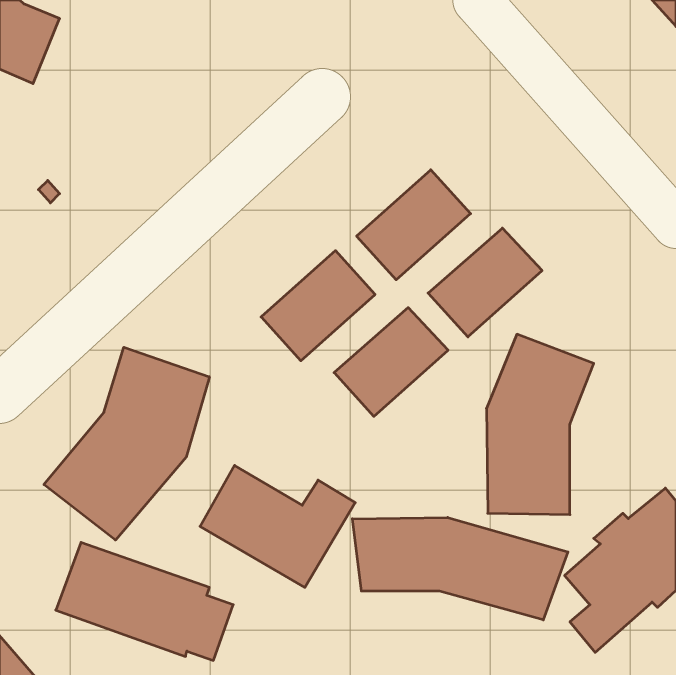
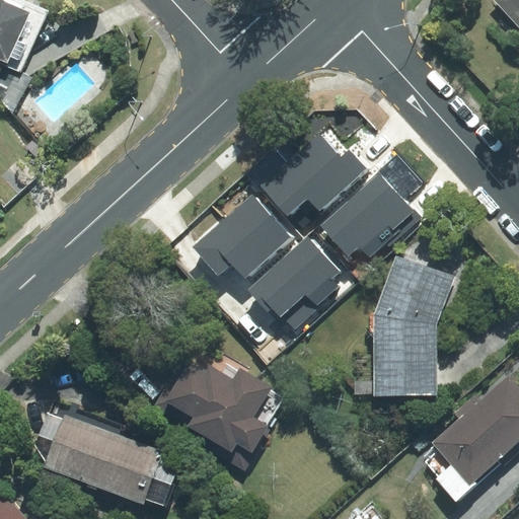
building: [44,347,209,540] -> none
building: [352,517,568,620] -> none

